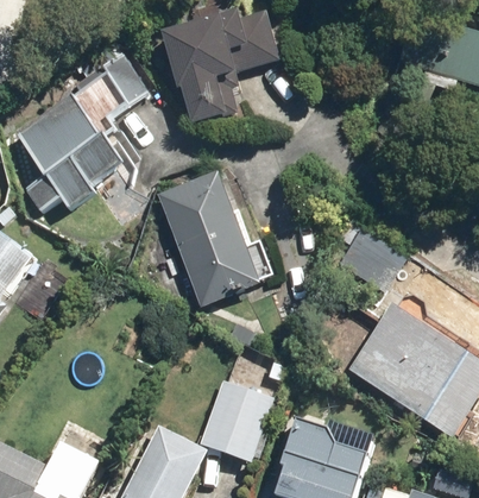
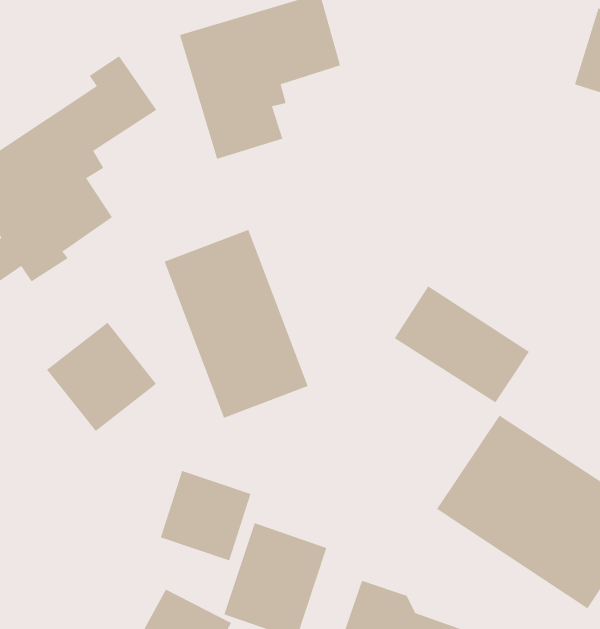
building: none -> [46,322,157,432]
building: none -> [160,470,251,561]

